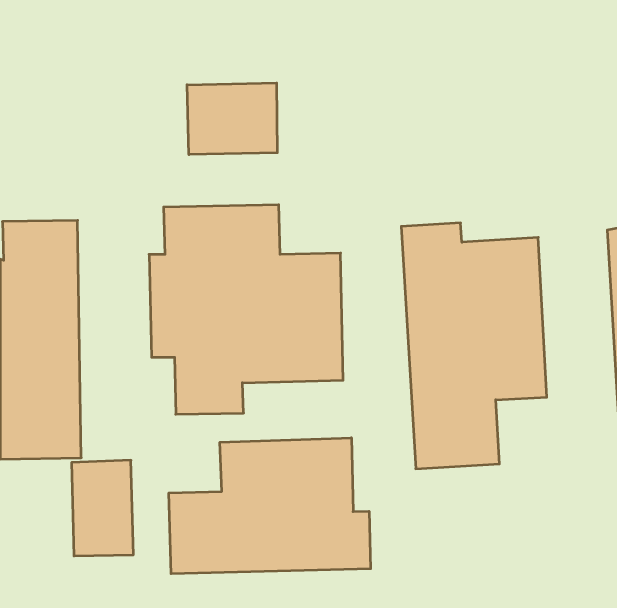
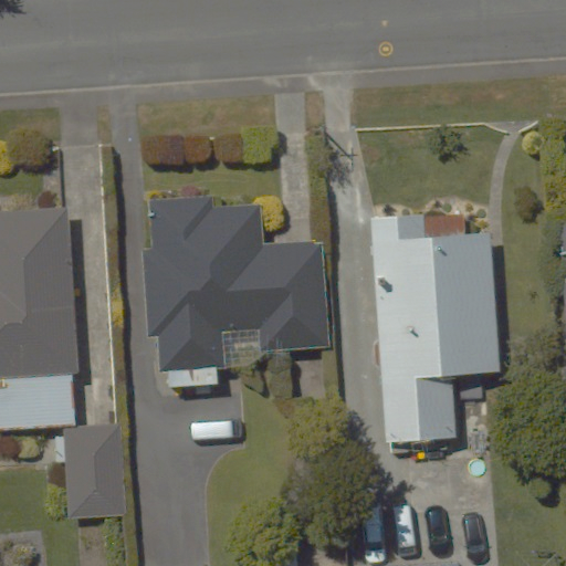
building: [187,83,277,155] -> none
building: [169,438,371,574] -> none

